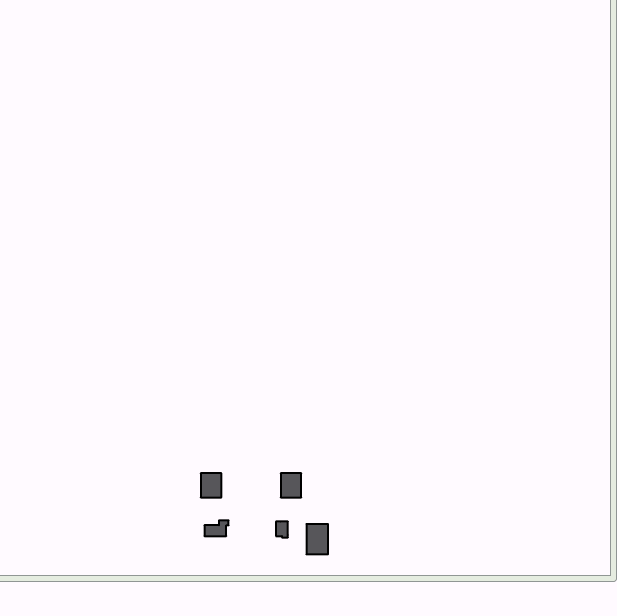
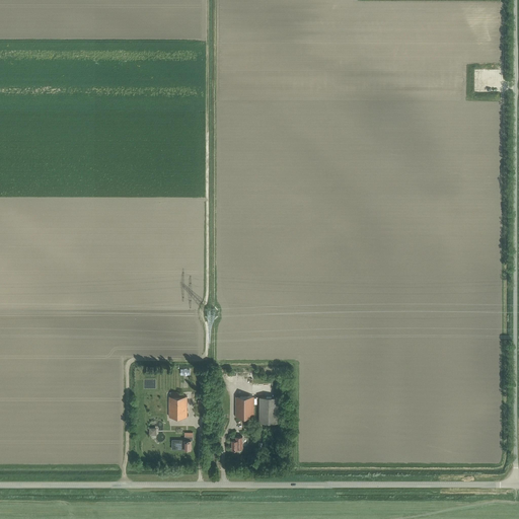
building: [306,524,328,554] -> [258,398,277,424]

